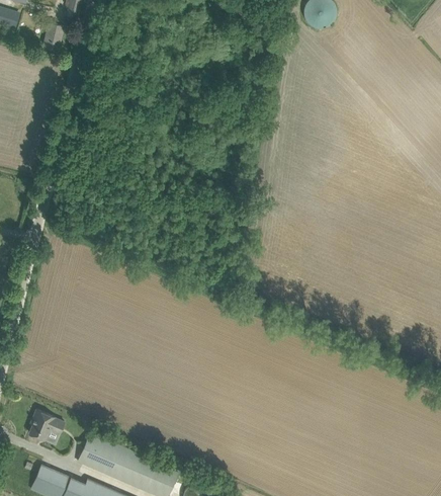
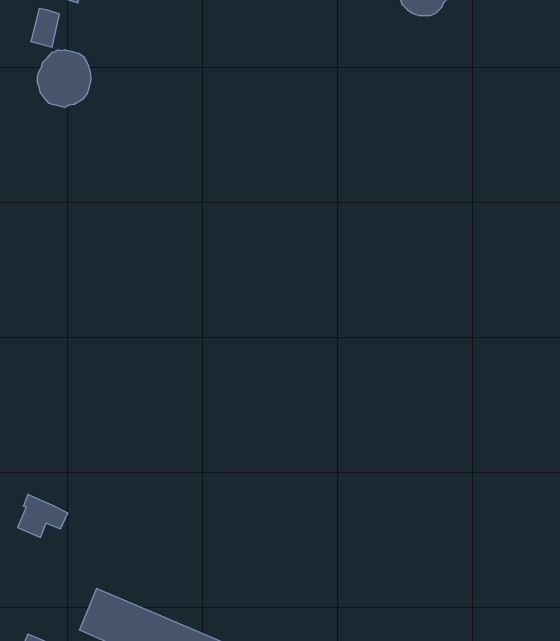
building: none -> [37,50,91,108]
building: [29,410,65,440] -> [18,494,68,537]

